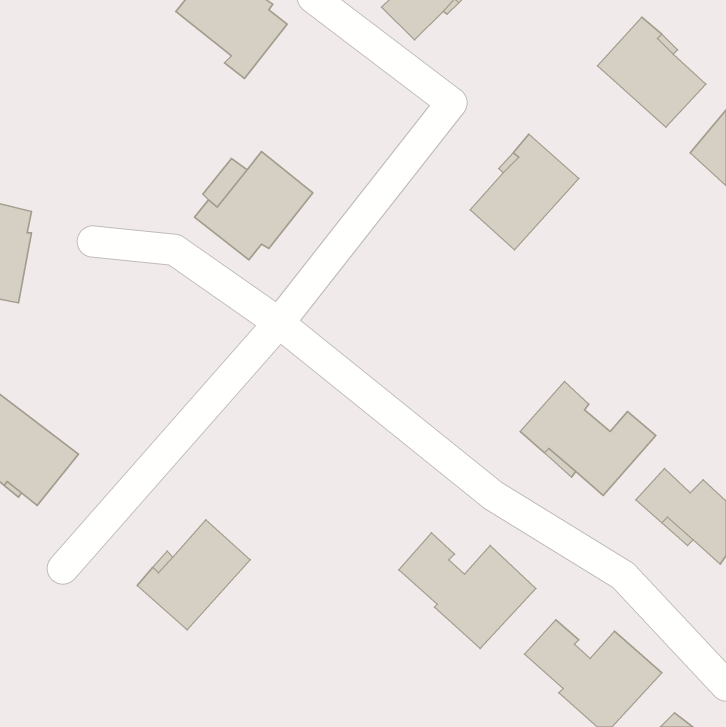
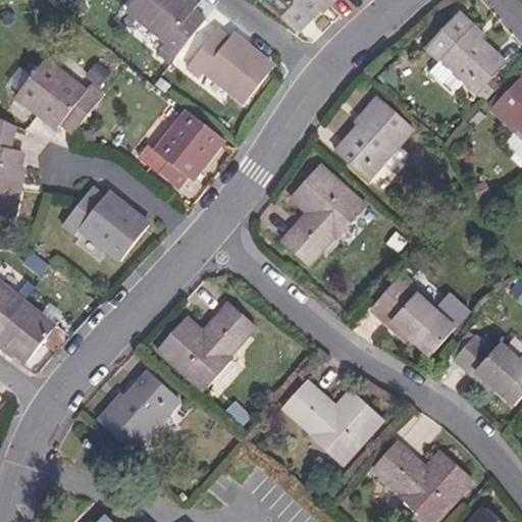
building: none -> [186,27,273,102]
building: none -> [15,57,102,133]
building: none -> [282,164,365,263]
building: none -> [62,185,149,259]
building: none -> [158,304,254,389]

